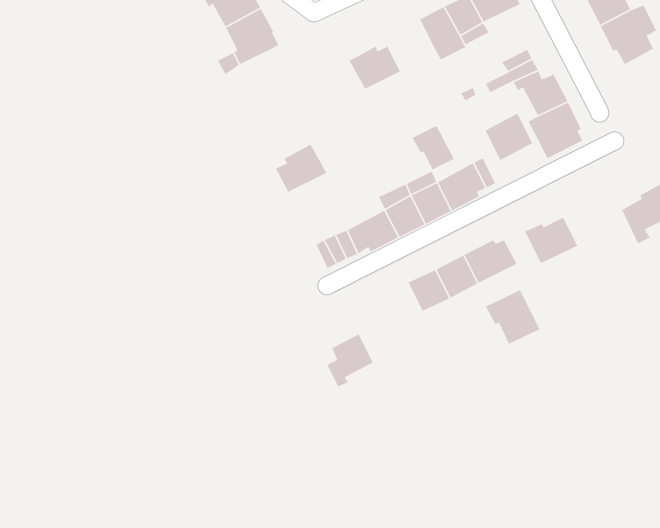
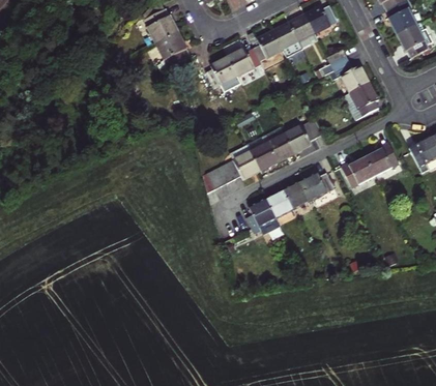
building: none -> [258,31,287,64]
building: [484,113,533,161] -> none
building: [411,125,455,171] -> none
building: [275,144,327,193] -> [210,57,243,88]
building: none -> [369,142,401,174]
building: [485,289,541,345] -> none
building: [326,333,374,387] -> [250,197,280,231]

